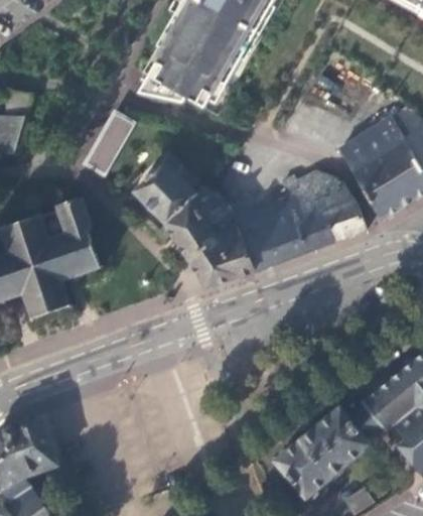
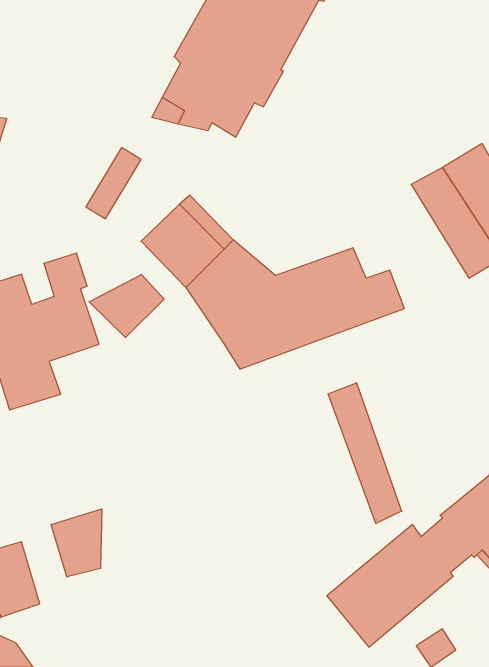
building: [282,170,367,241] -> none
building: none -> [89,274,164,338]
building: none -> [328,383,402,524]
building: none -> [51,509,102,577]

